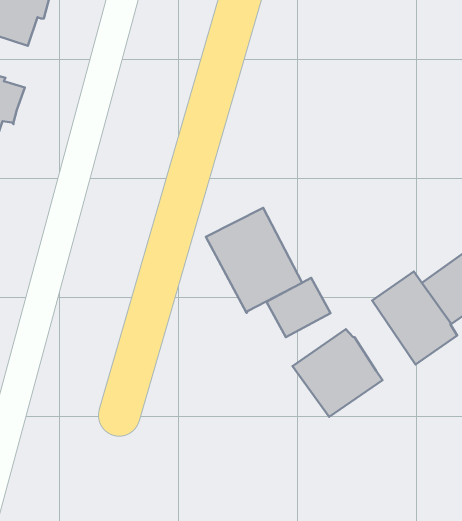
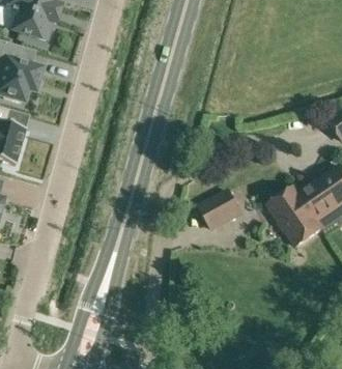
building: [206,208,302,313] -> none
building: [293,329,382,417] -> none

